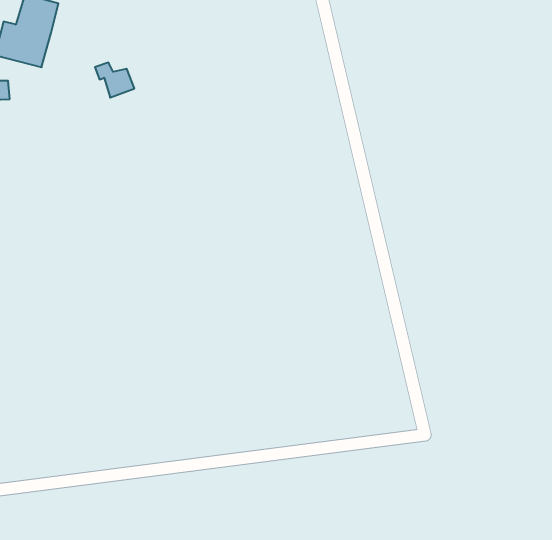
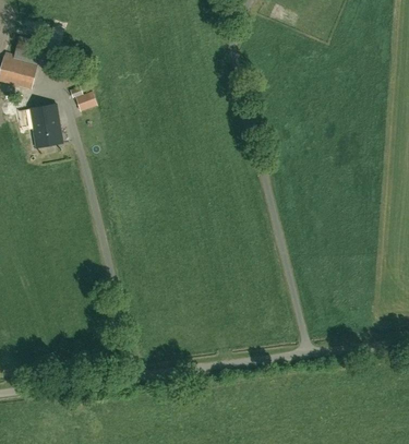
building: none -> [28,104,62,147]

